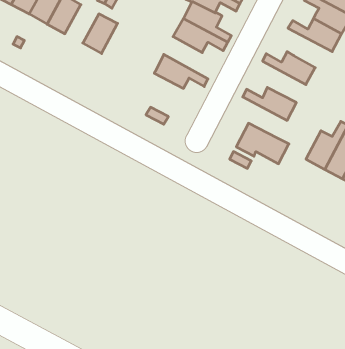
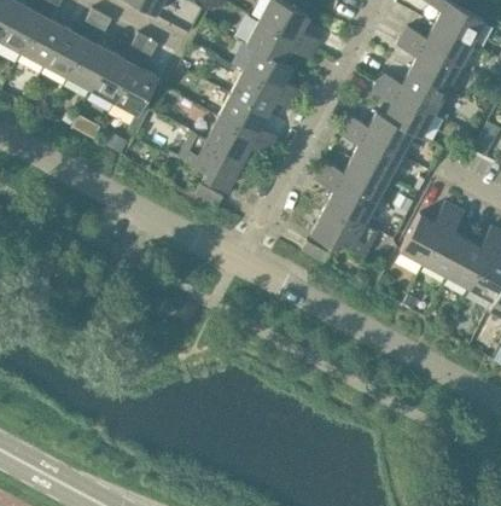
building: none -> [91,53,134,103]
building: none -> [372,83,433,139]
building: none -> [217,94,279,149]
building: none -> [338,126,400,179]
building: none -> [179,132,243,191]
building: none -> [314,171,375,225]

